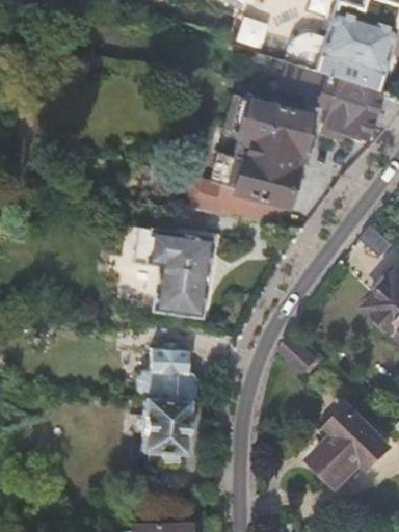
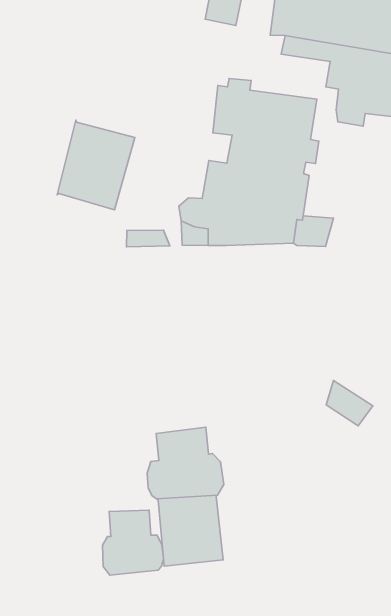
building: none -> [57,120,135,210]
building: [133,229,213,321] -> none
building: none -> [103,510,163,575]

